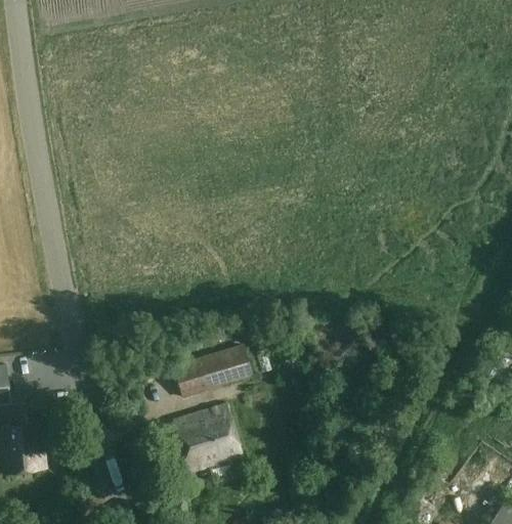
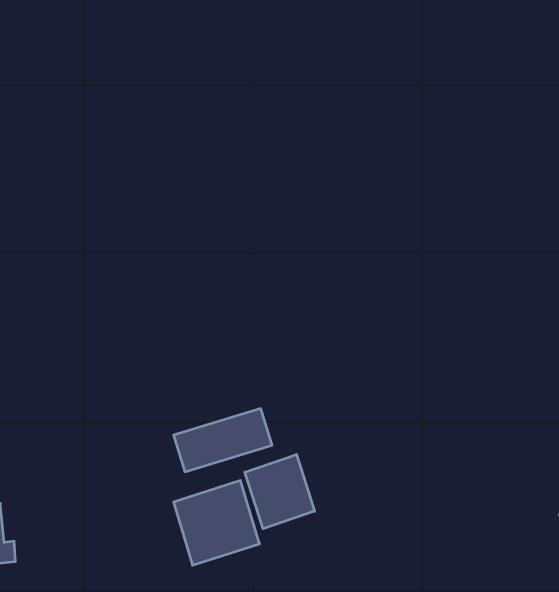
building: none -> [245,454,315,529]

